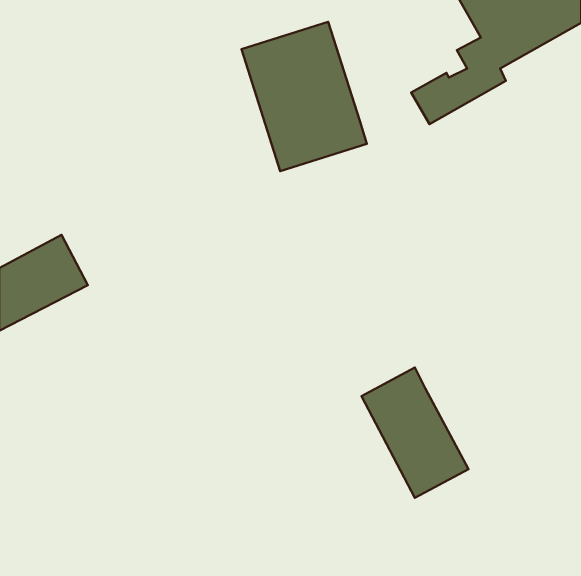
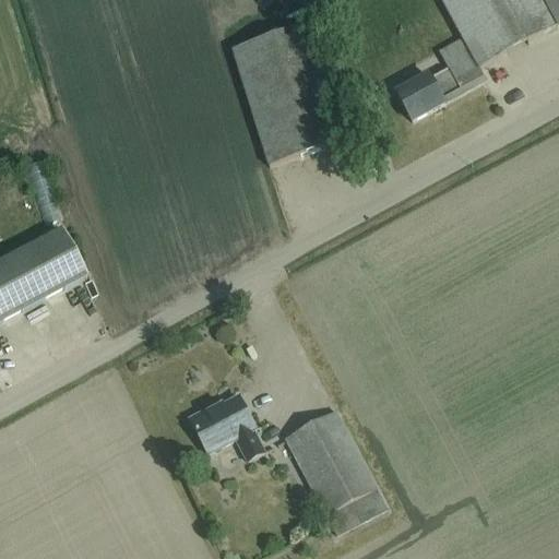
building: [361,368,468,498] -> [285,409,388,534]
building: none -> [189,394,264,459]

